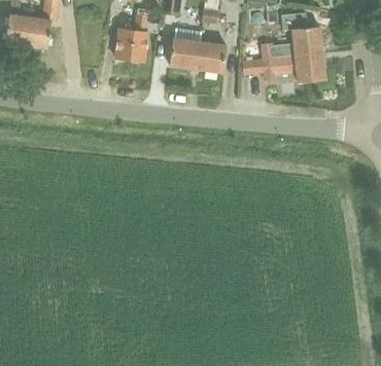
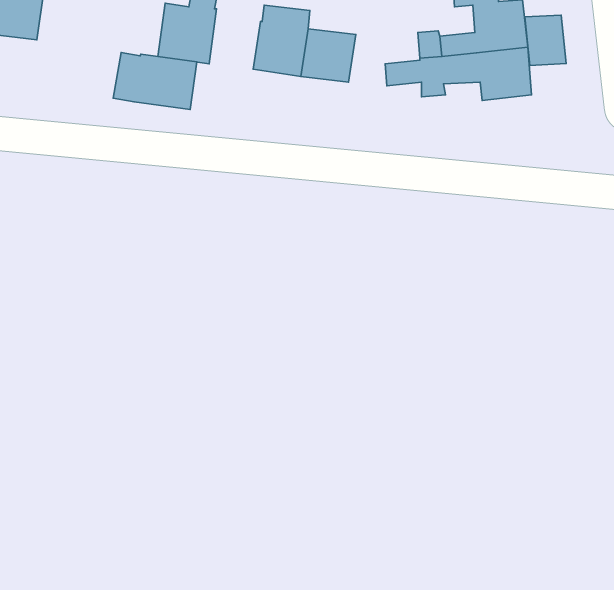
building: none -> [525,15,566,65]
building: none -> [113,53,197,110]

